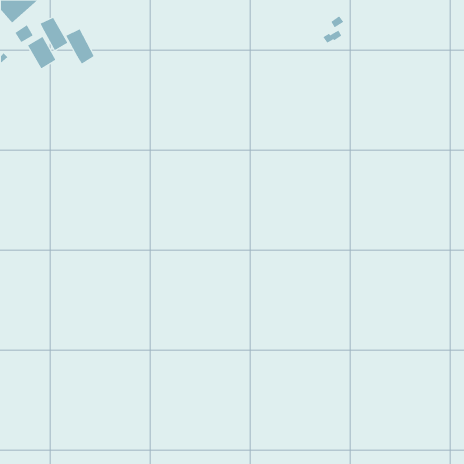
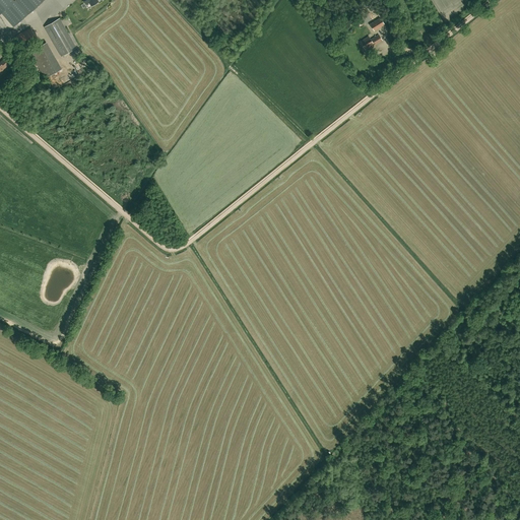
building: [65,28,95,65] -> none

